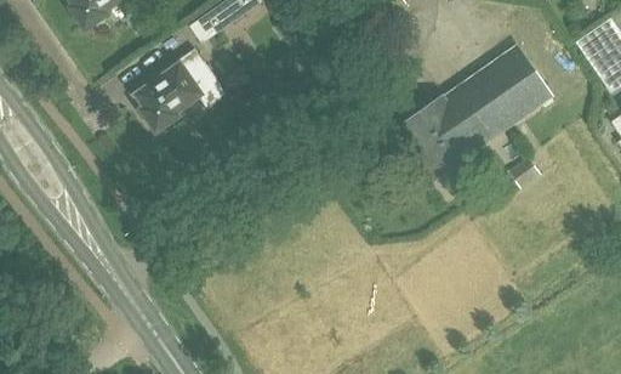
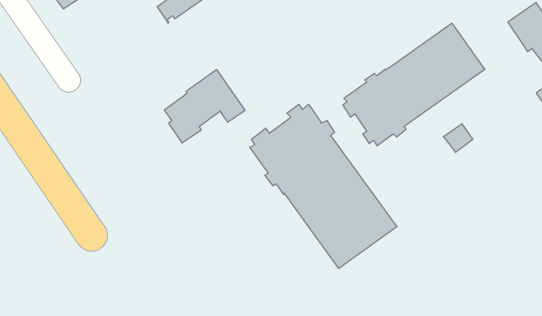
building: [135,49,224,130] -> [164,70,245,143]
building: none -> [250,104,397,268]

